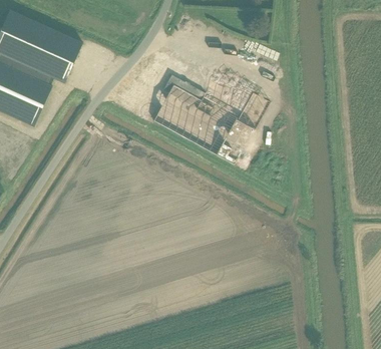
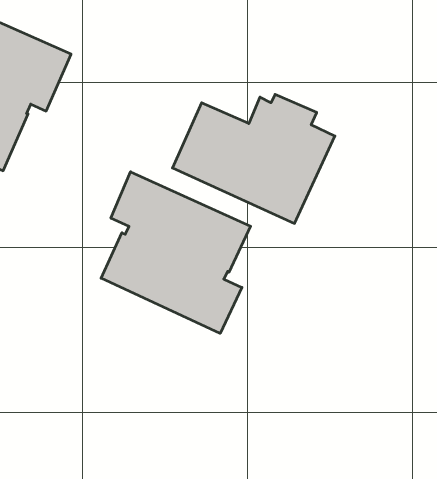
building: none -> [101,172,251,333]

